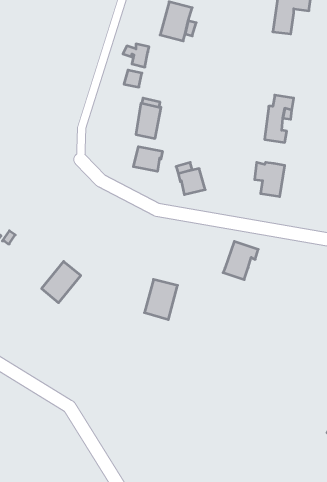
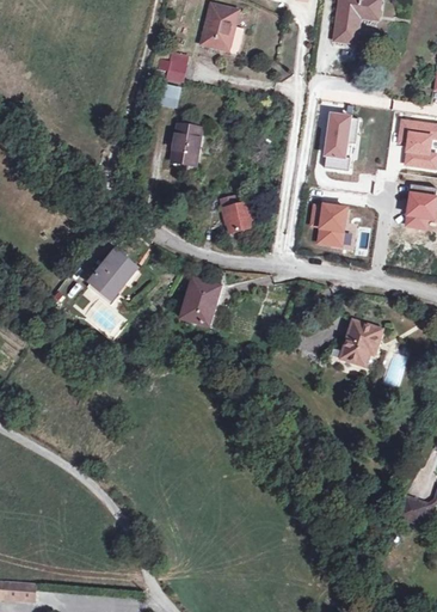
building: [133,147,162,171] -> none
building: [223,241,258,280] -> [339,320,381,366]
building: [42,261,81,303] -> [88,250,135,299]
building: [144,279,178,320] -> [180,279,220,326]

